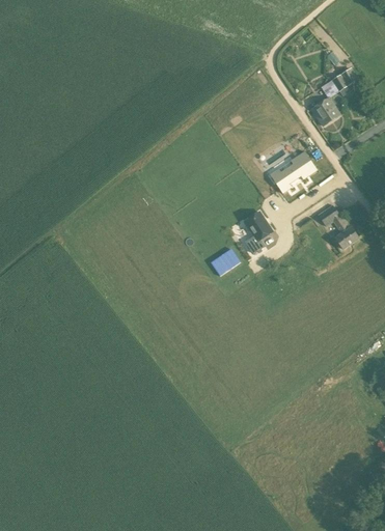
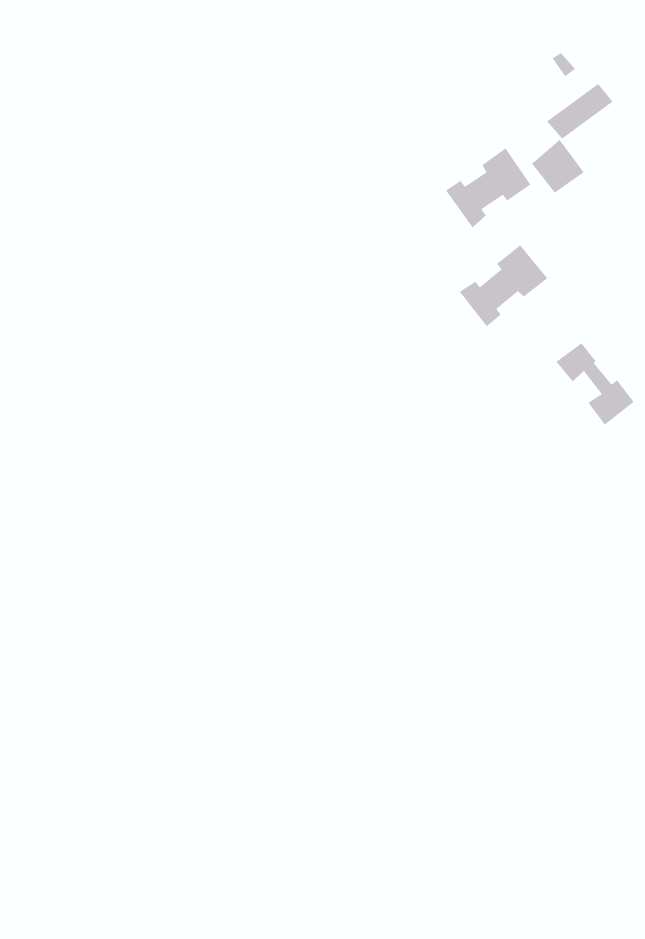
building: none -> [445,148,531,228]
building: [243,211,271,252] -> none

